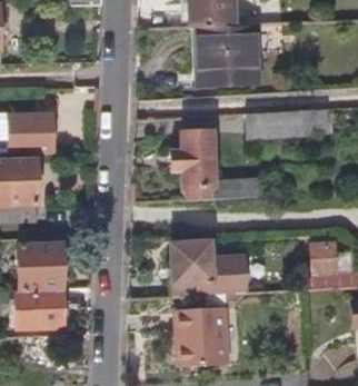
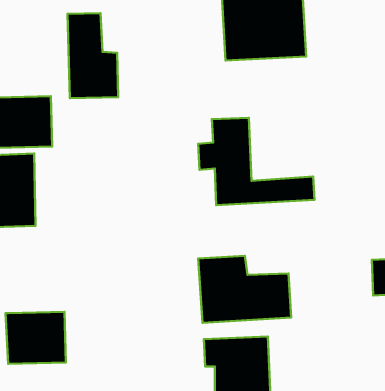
building: none -> [68,13,118,98]
building: [245,110,314,138] -> none
building: [16,243,62,289] -> none

